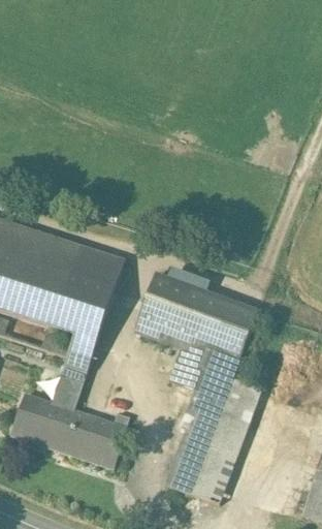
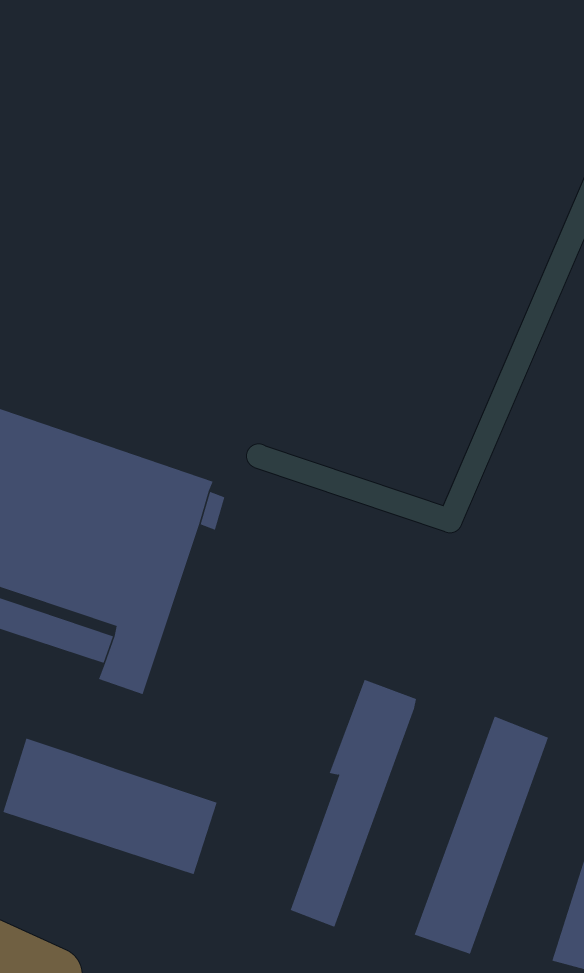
building: [135,271,256,388] -> none
building: [51,364,88,411] -> none
building: [189,379,260,505] -> [414,716,549,955]

